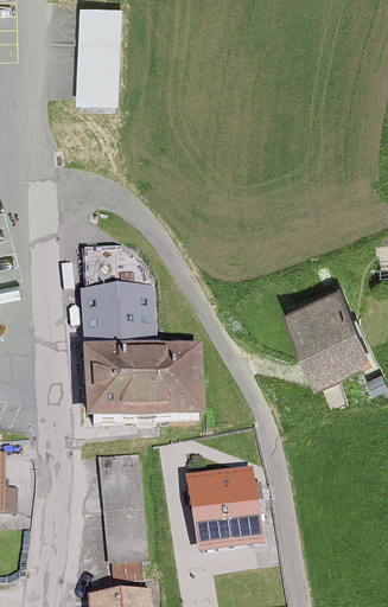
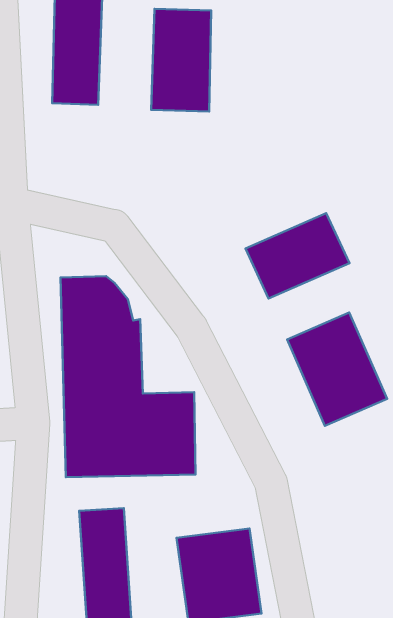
building: none -> [151,9,211,111]
building: none -> [245,213,349,299]

